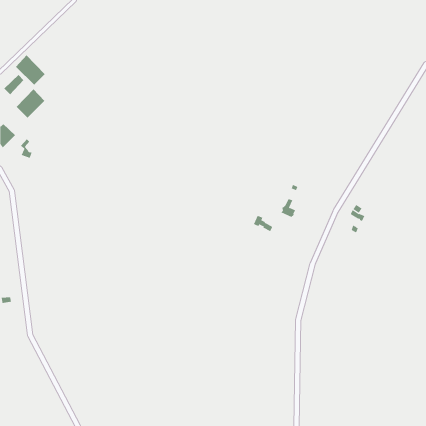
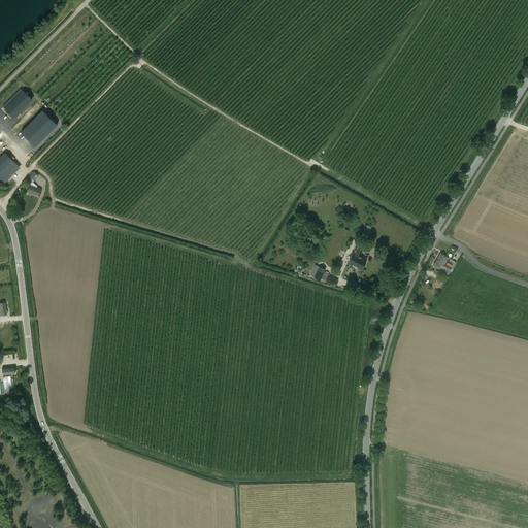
building: [15,55,45,86] -> none

